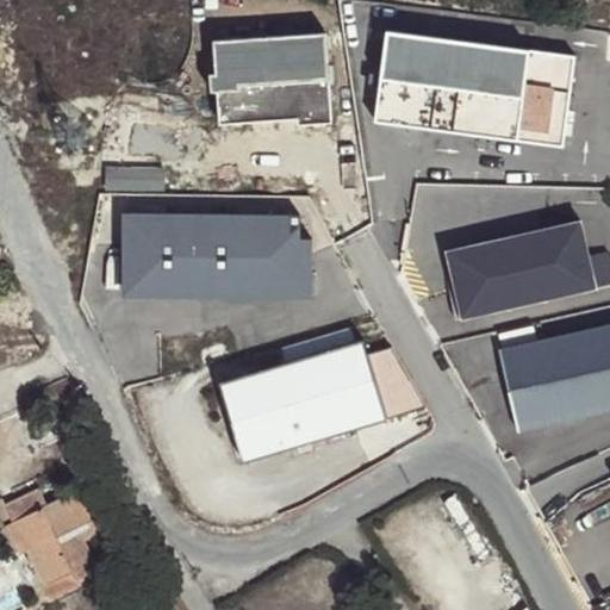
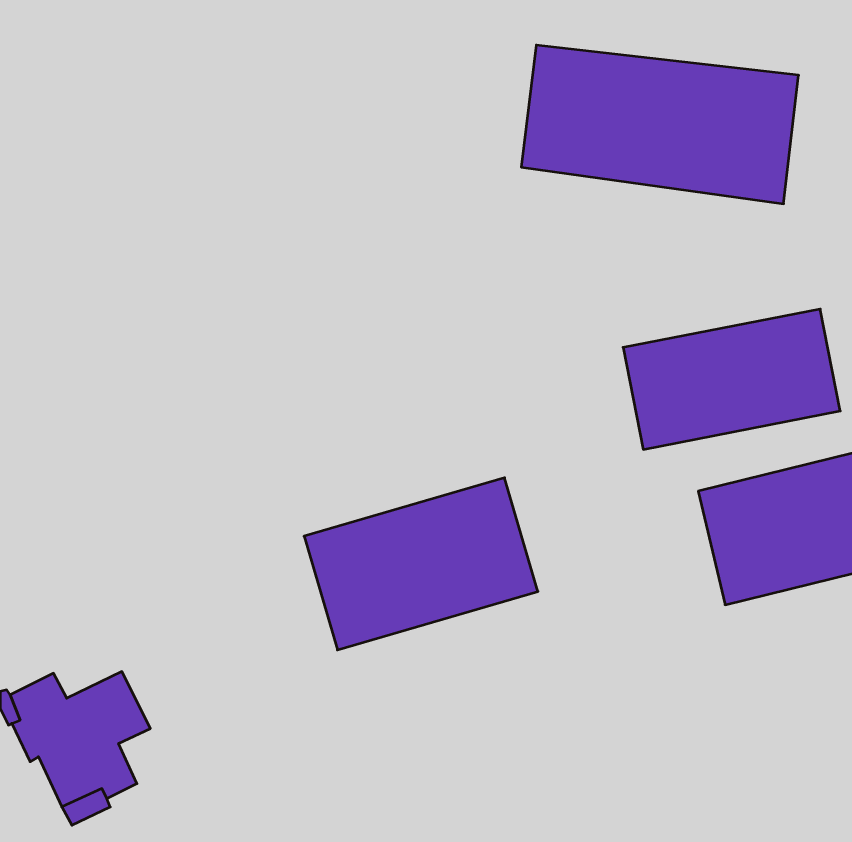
building: [208,35,330,125] -> none
building: [116,208,309,297] -> none

